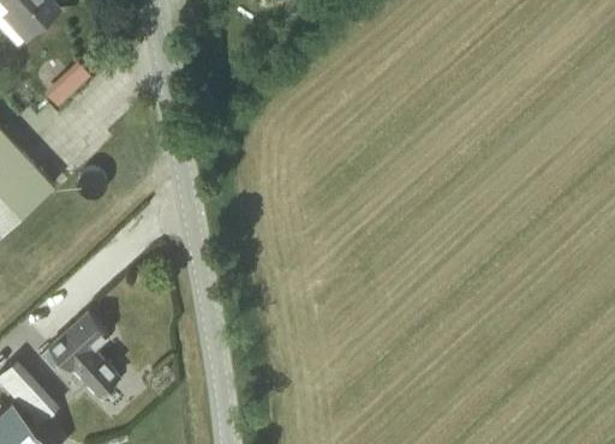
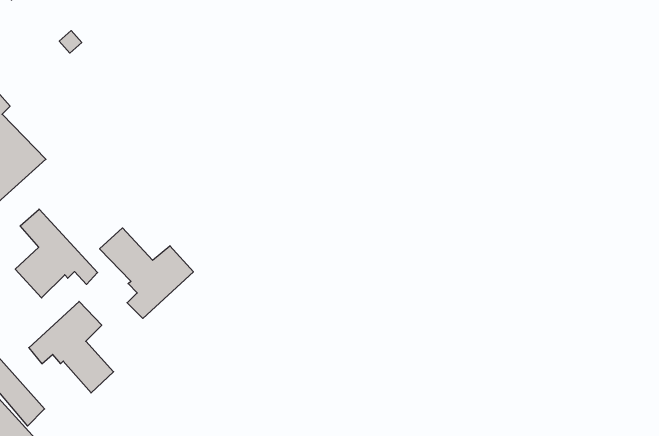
building: none -> [15,209,98,298]
building: none -> [100,228,193,318]

